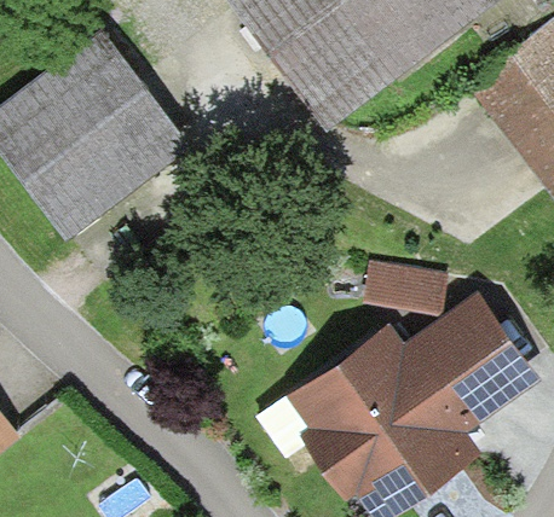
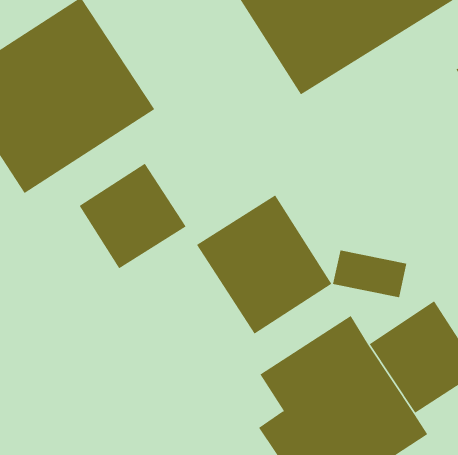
building: none -> [79,163,186,269]
building: none -> [196,195,332,334]

